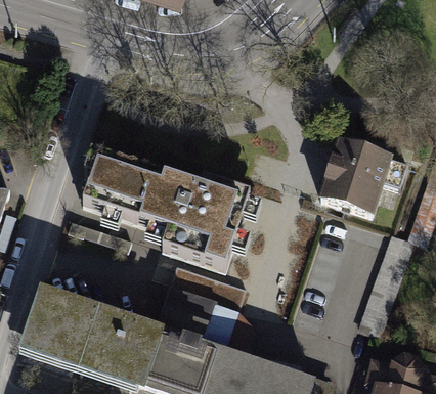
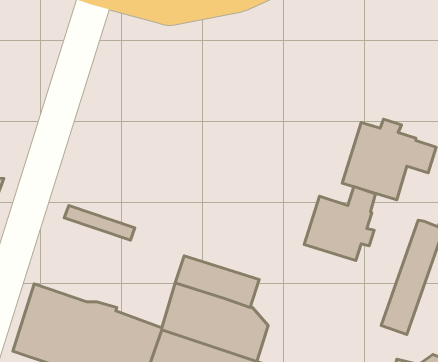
building: [81,151,249,268] -> none
building: none -> [304,187,376,260]

